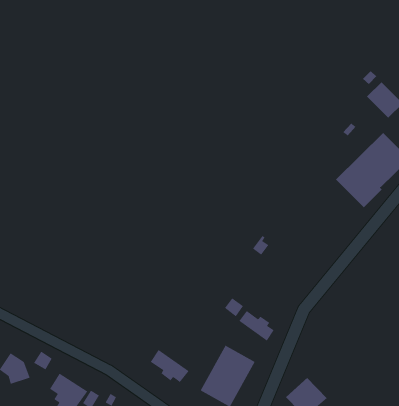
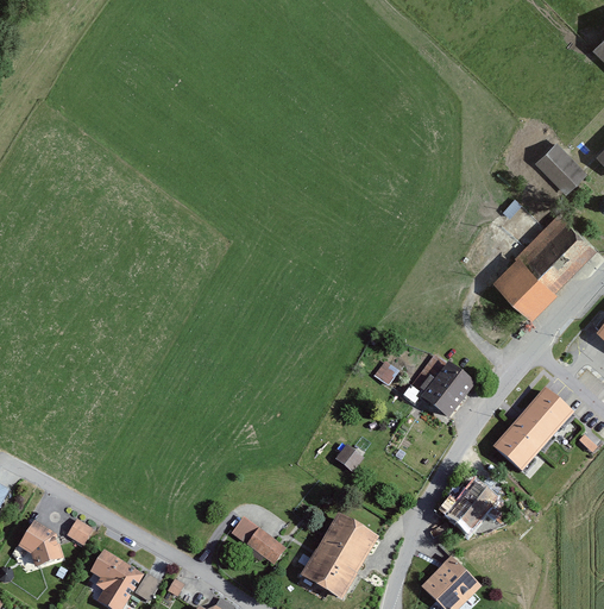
building: none -> [420,364,474,419]
building: none -> [496,389,570,466]
building: [238,310,274,342] -> none
building: none -> [446,482,496,534]

